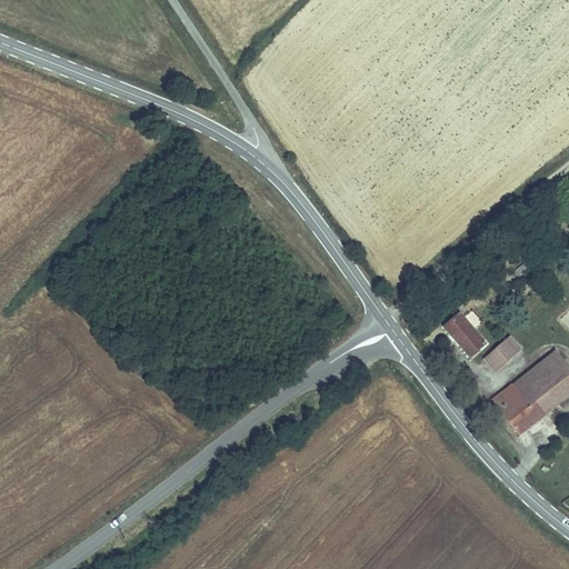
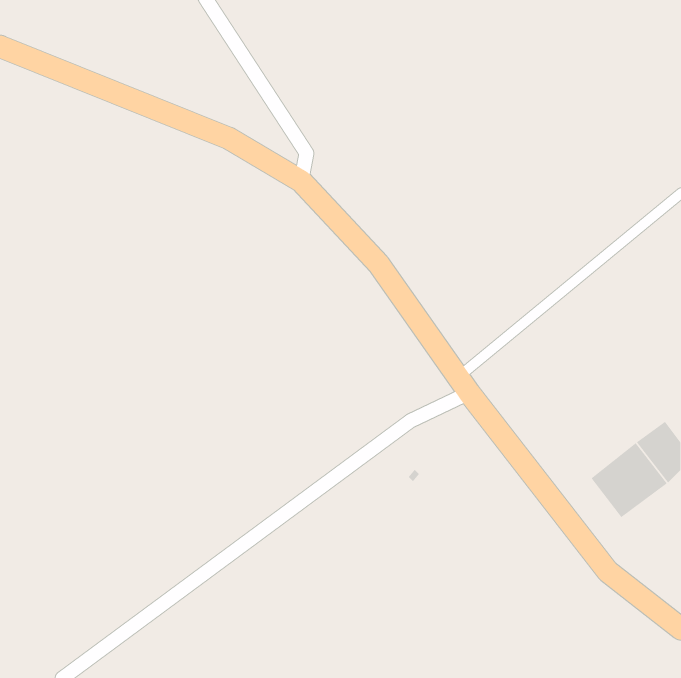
building: [446,312,487,356] -> none
building: [483,336,521,372] -> none

